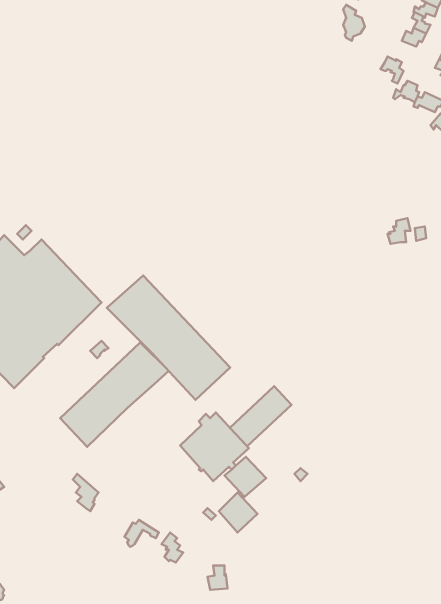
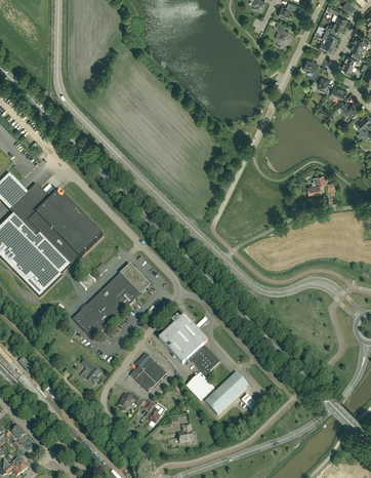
building: [107,275,230,400] -> none
building: [230,386,291,446] -> [204,370,248,413]
building: none -> [129,352,166,391]

